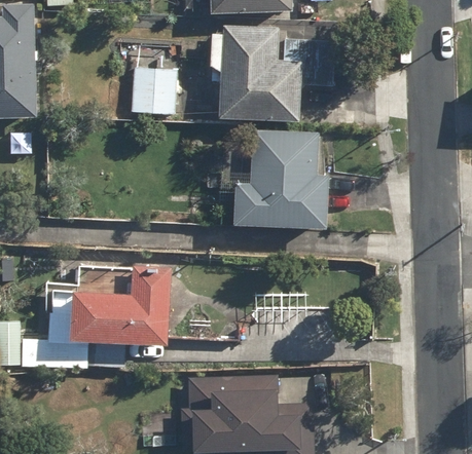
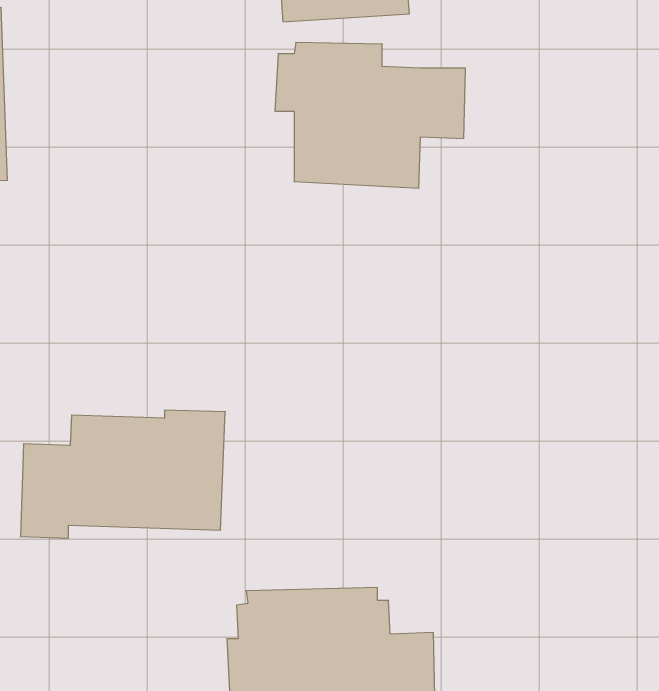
building: [129,71,175,117] -> none
building: [237,130,331,227] -> none

